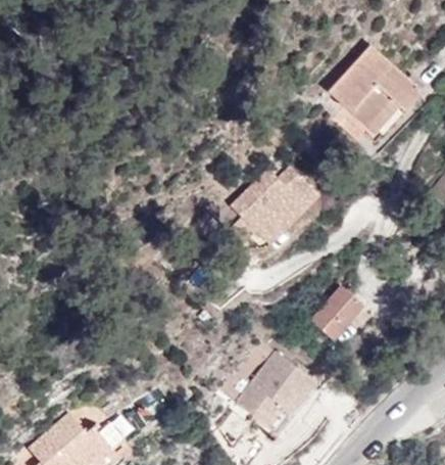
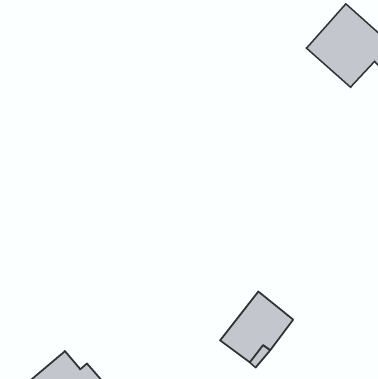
building: [229,167,317,243] -> none
building: [310,286,363,339] -> none

